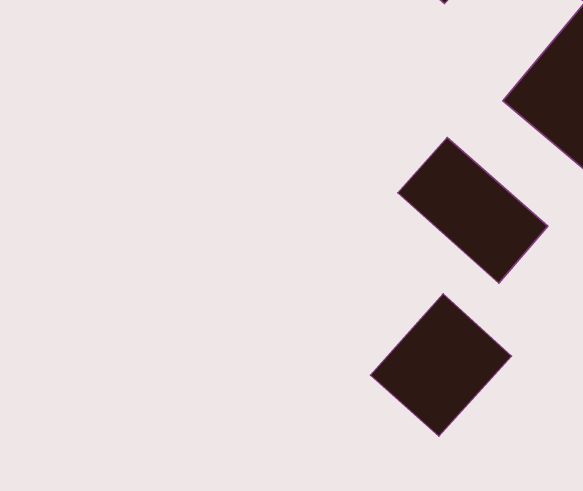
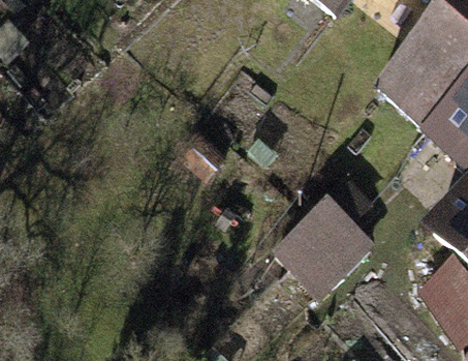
building: [398,138,548,283] -> none

